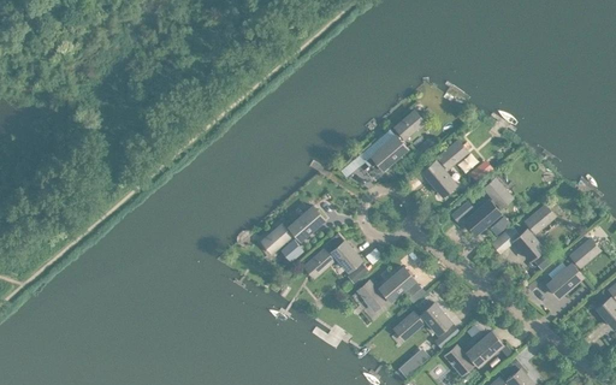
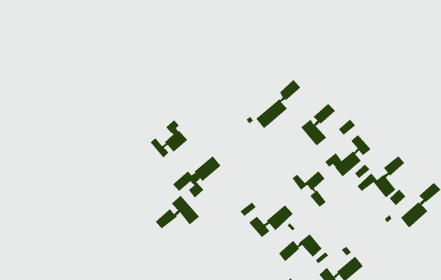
building: none -> [149,120,188,158]
building: none -> [292,170,327,208]
building: [303,233,360,277] -> [155,195,200,229]

